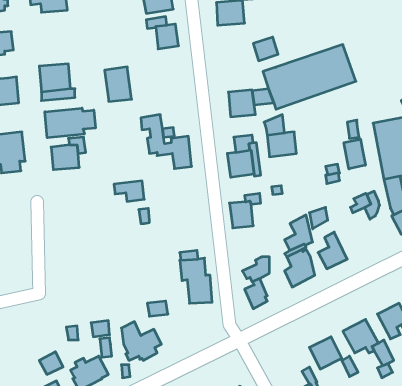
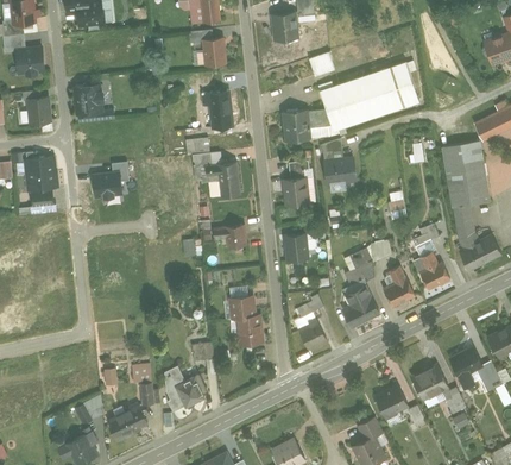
building: [105,67,132,101] -> [202,90,232,128]
building: [45,108,95,138] -> none
building: [344,139,365,169] -> none
building: [114,181,144,201] -> [214,225,247,247]
building: none -> [411,251,450,289]

